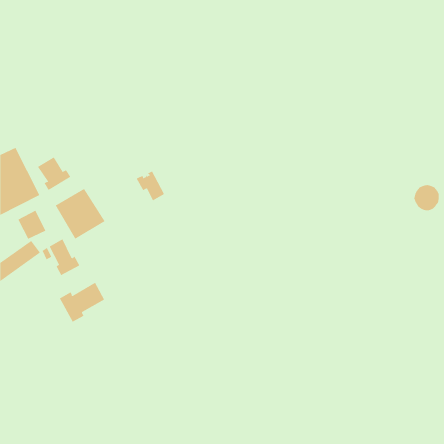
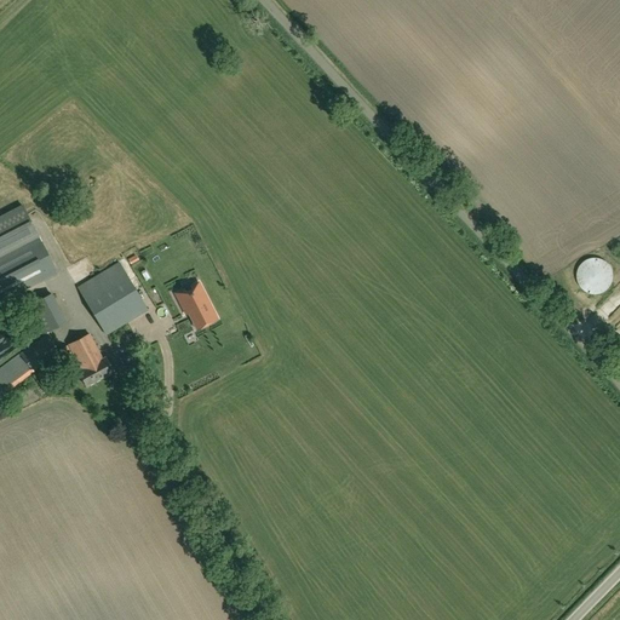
building: [37,157,71,191] -> none
building: [136,171,165,201] -> [174,283,214,326]
building: [59,282,105,323] -> none

